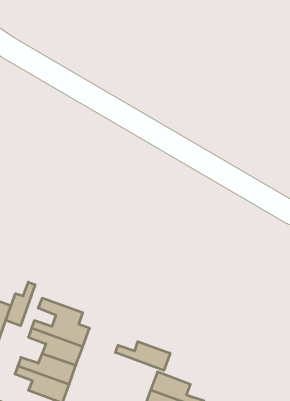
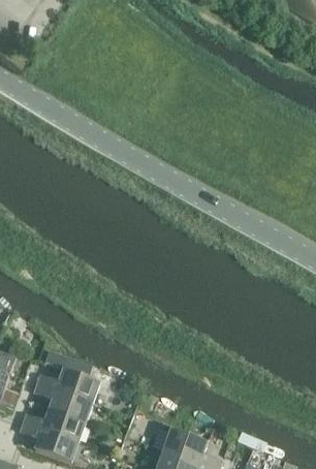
building: [6,282,35,326] -> none
building: [115,342,170,370] -> none

